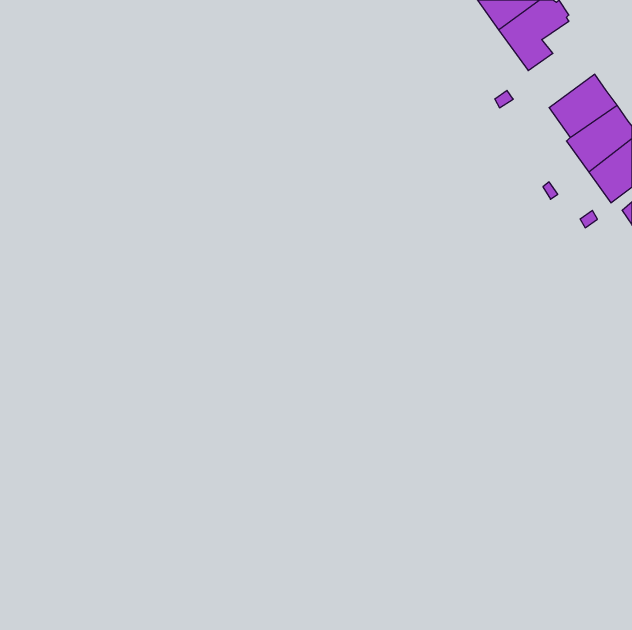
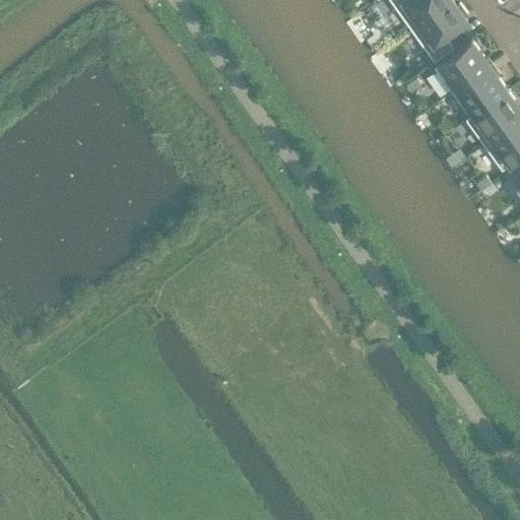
building: none -> [434,39,489,90]

